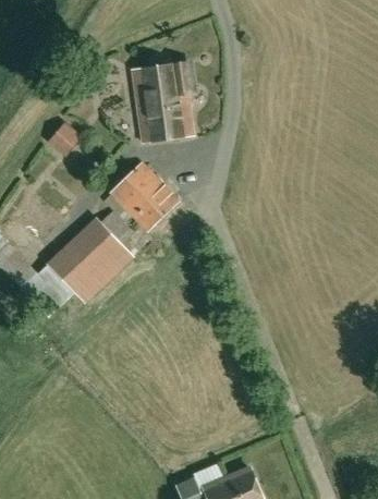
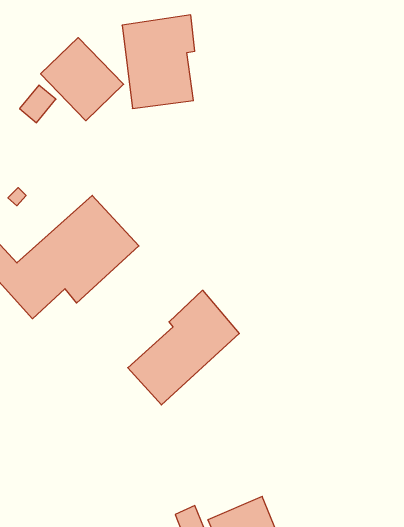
building: [108,160,178,230] -> [41,38,124,121]
building: none -> [128,290,239,405]

